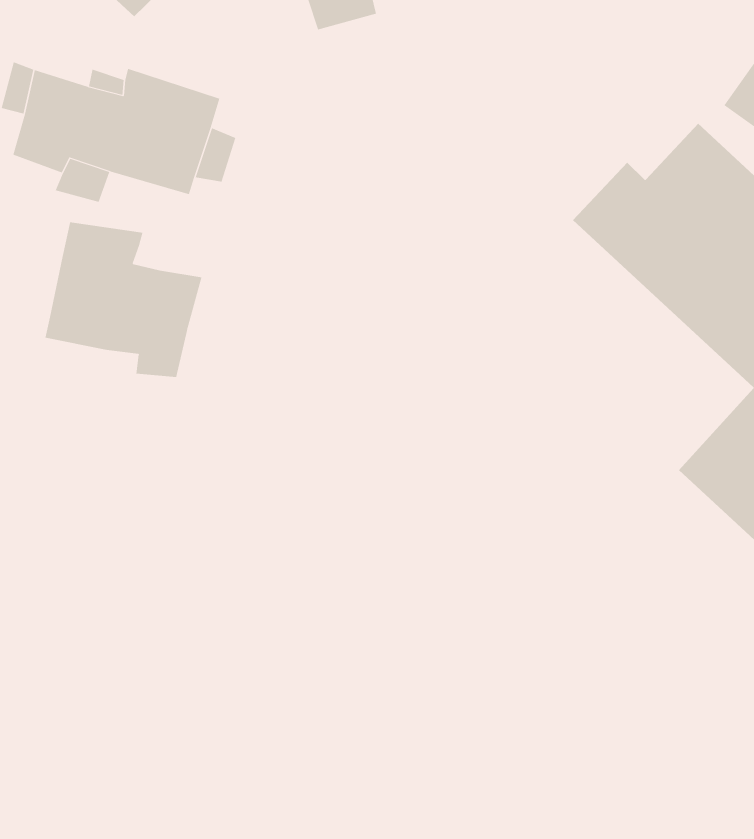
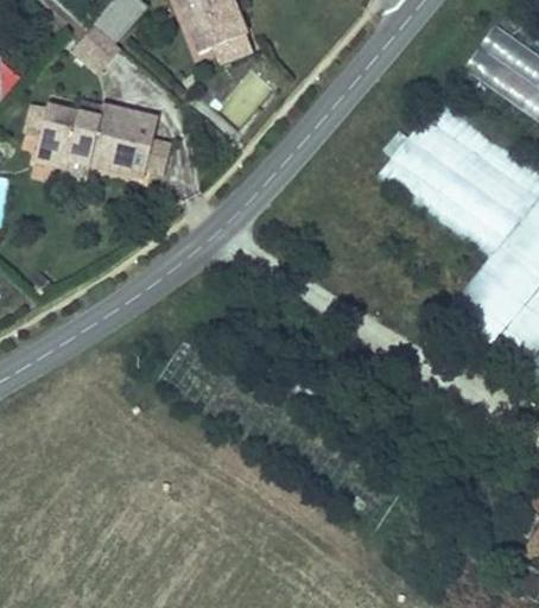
building: [45,222,202,378] -> none

